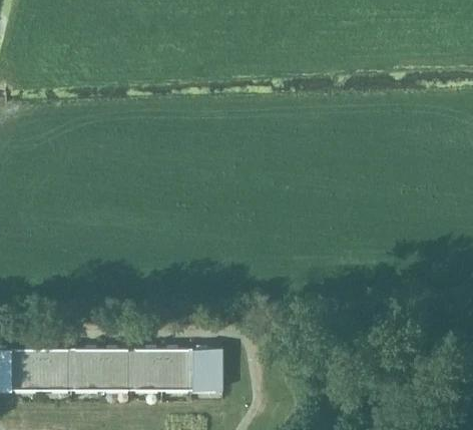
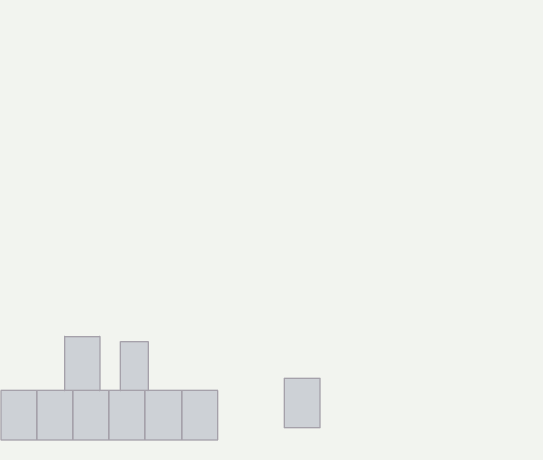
building: none -> [65,336,100,391]
building: none -> [121,342,148,391]
building: [191,349,221,390] -> [284,378,320,428]

